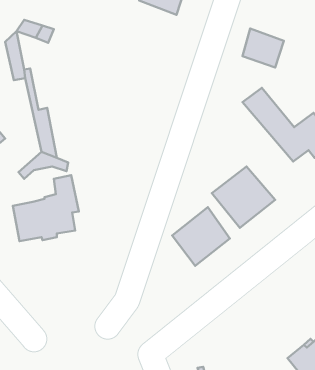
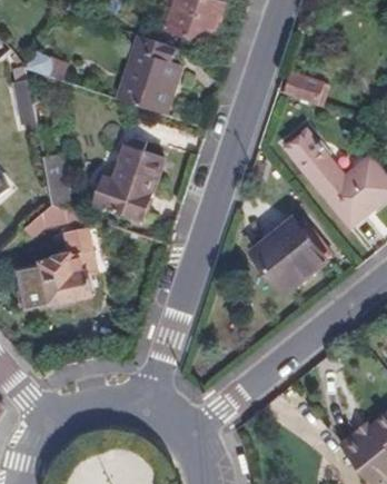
building: none -> [117,33,179,111]
building: none -> [97,134,162,219]
building: [172,207,230,266] -> none

